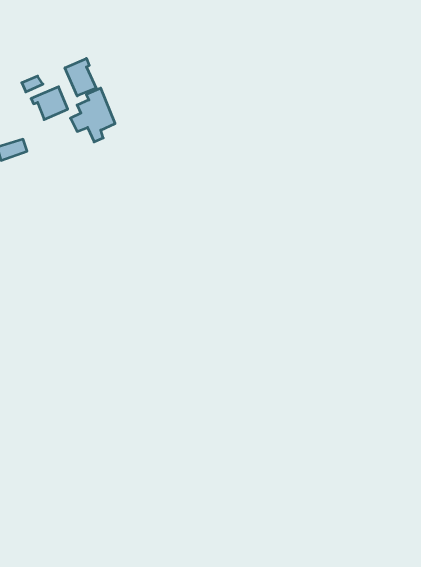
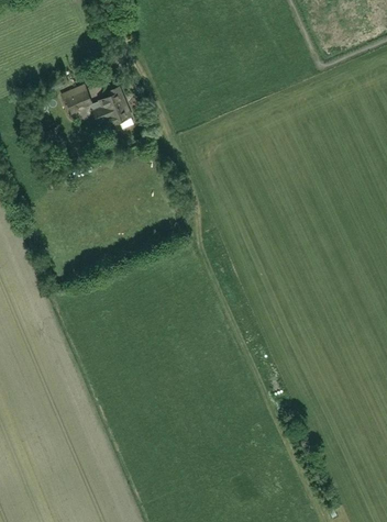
building: [65,58,96,96] -> none

